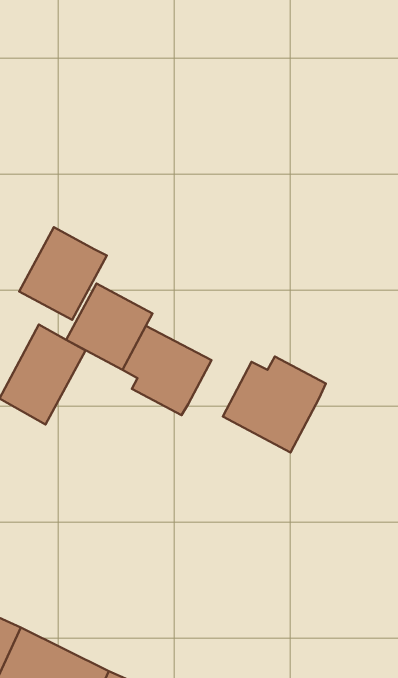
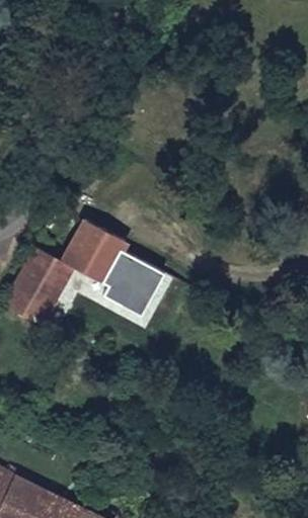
building: [19,227,107,320] -> none
building: [223,357,326,453] -> none

